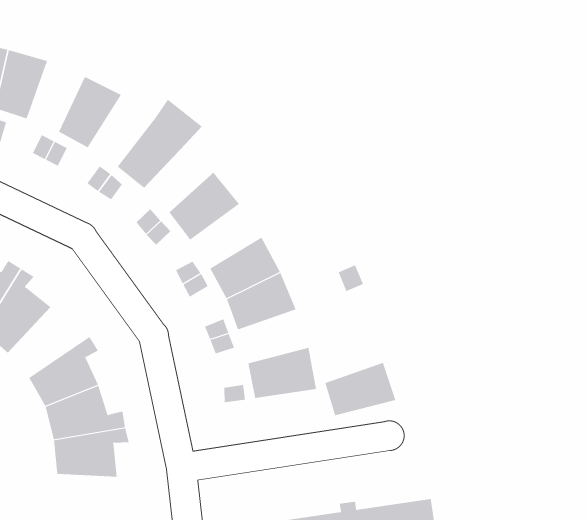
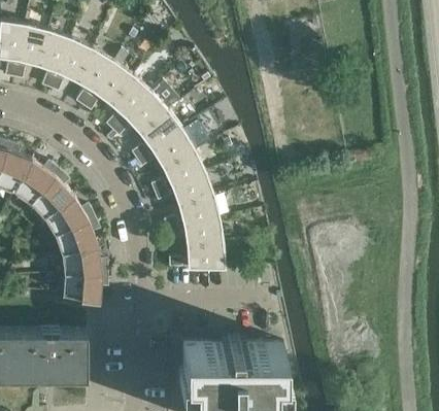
building: none -> [76,49,114,93]
building: none -> [110,76,153,118]
building: none -> [140,111,183,150]
building: none -> [163,151,206,187]
building: none -> [44,197,95,237]
building: [325,362,396,416] -> [183,219,225,247]

